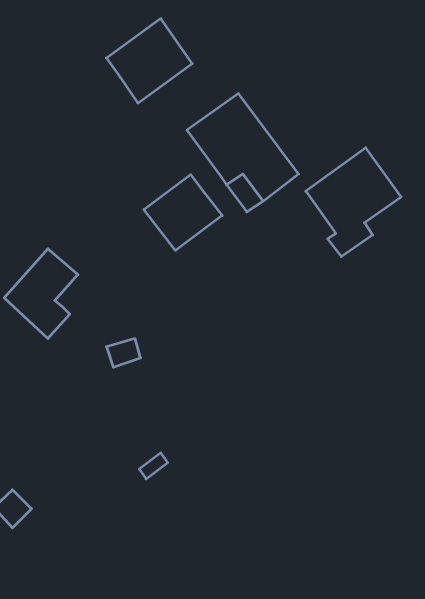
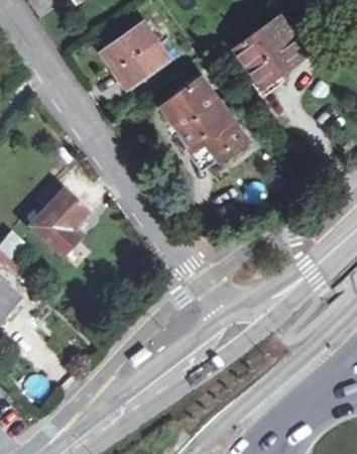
building: [306,148,401,257] -> [236,16,307,97]
building: [144,175,222,250] -> none

